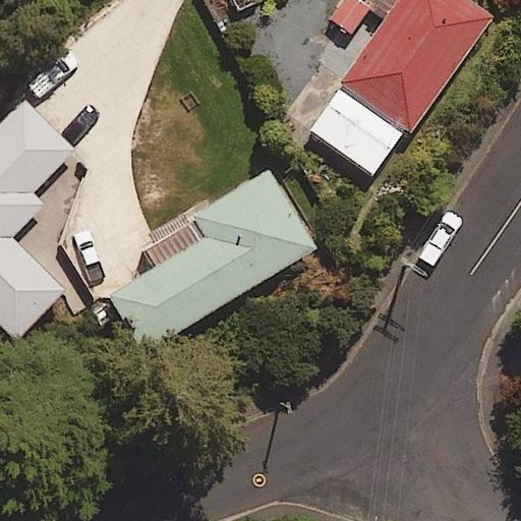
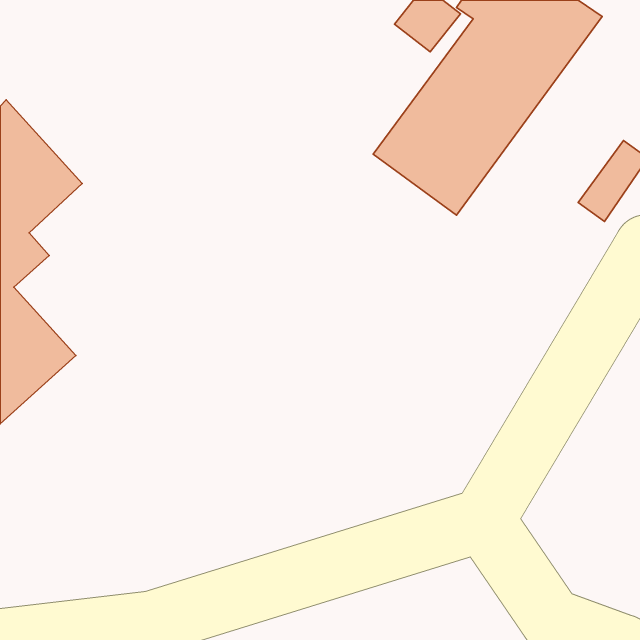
building: [107,174,312,345] -> none

